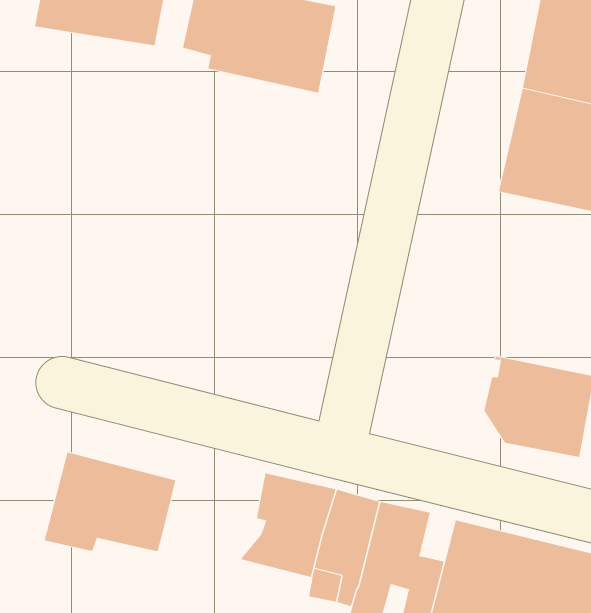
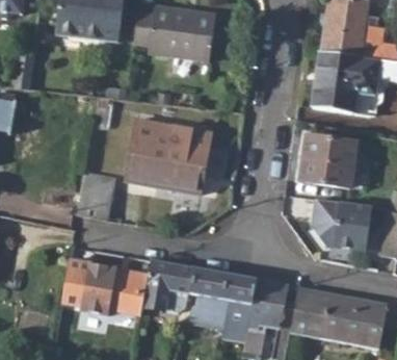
building: none -> [126,119,211,195]
building: none -> [300,136,356,188]
building: none -> [82,171,116,214]
building: none -> [142,261,195,313]

